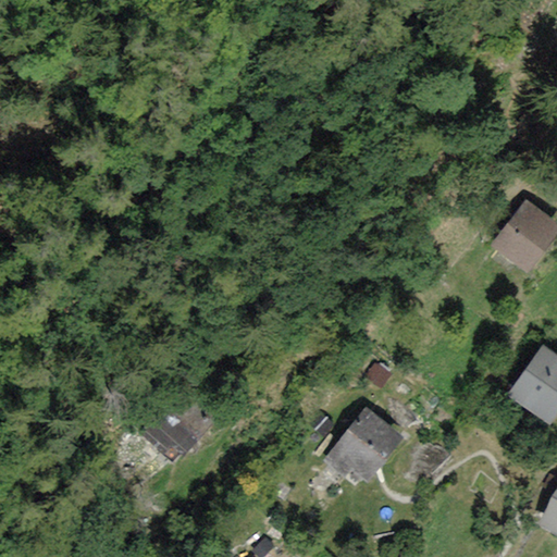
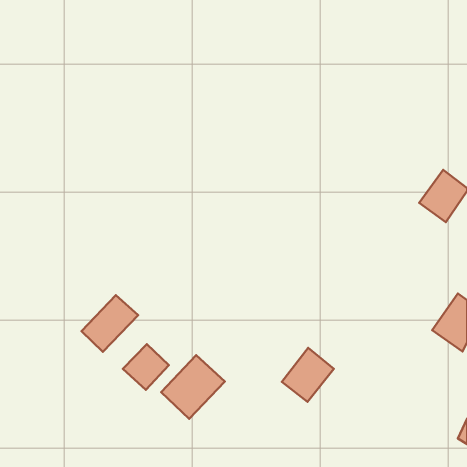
building: none -> [82,295,138,352]
building: none -> [161,355,225,419]

